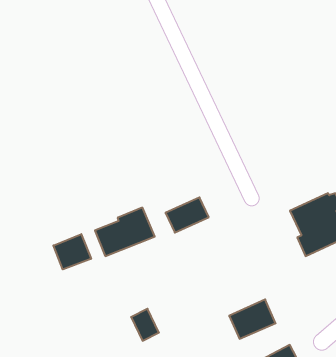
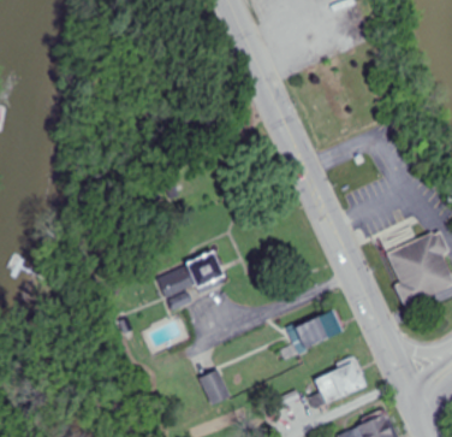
building: [165,197,209,233] -> [292,309,343,350]
building: [53,234,91,269] -> none

